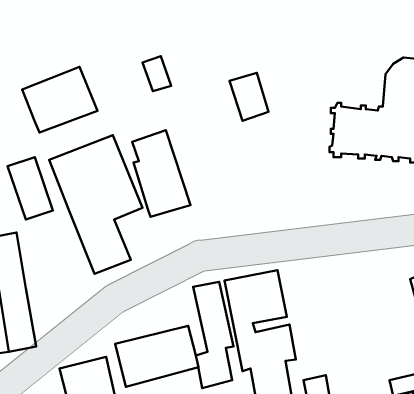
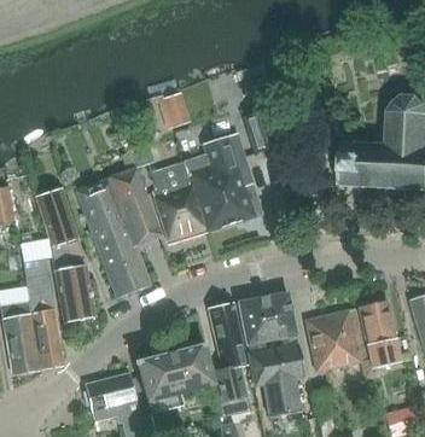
building: [22,67,98,133] -> none
building: none -> [184,133,262,232]
building: none -> [52,252,95,322]
building: none -> [359,301,396,367]
building: none -> [304,309,360,369]

